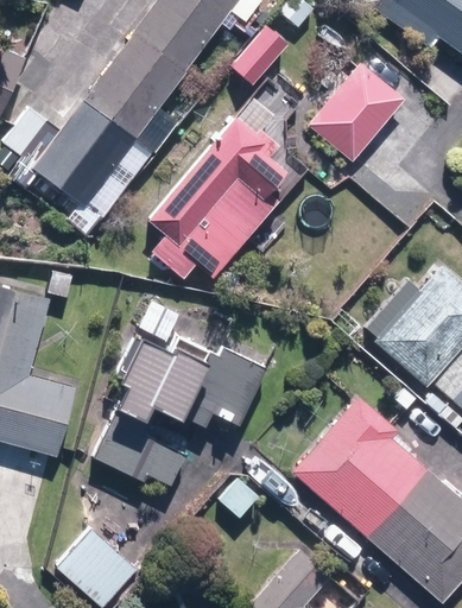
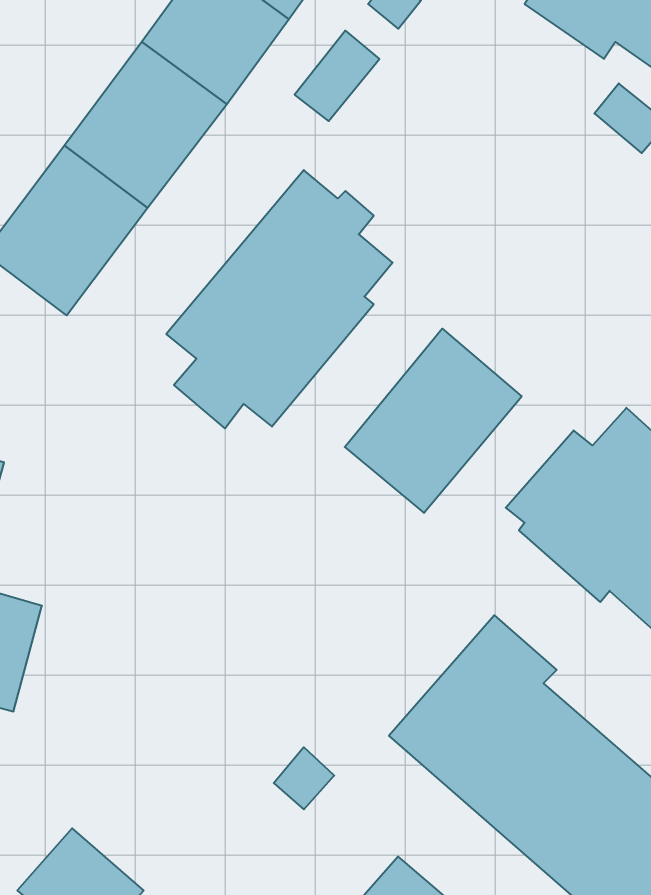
building: [308,63,404,162] -> none
building: none -> [345,329,522,513]
building: [95,335,265,486] -> none

